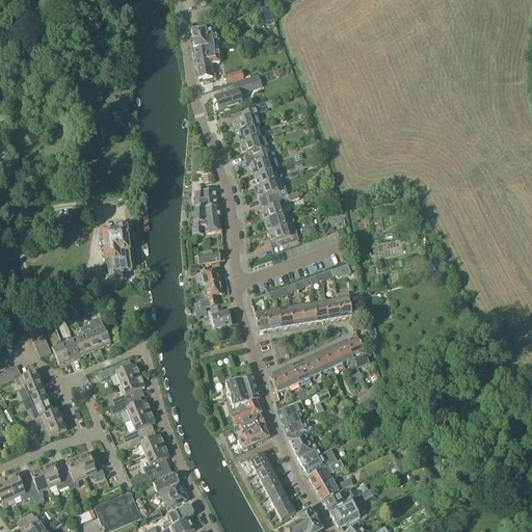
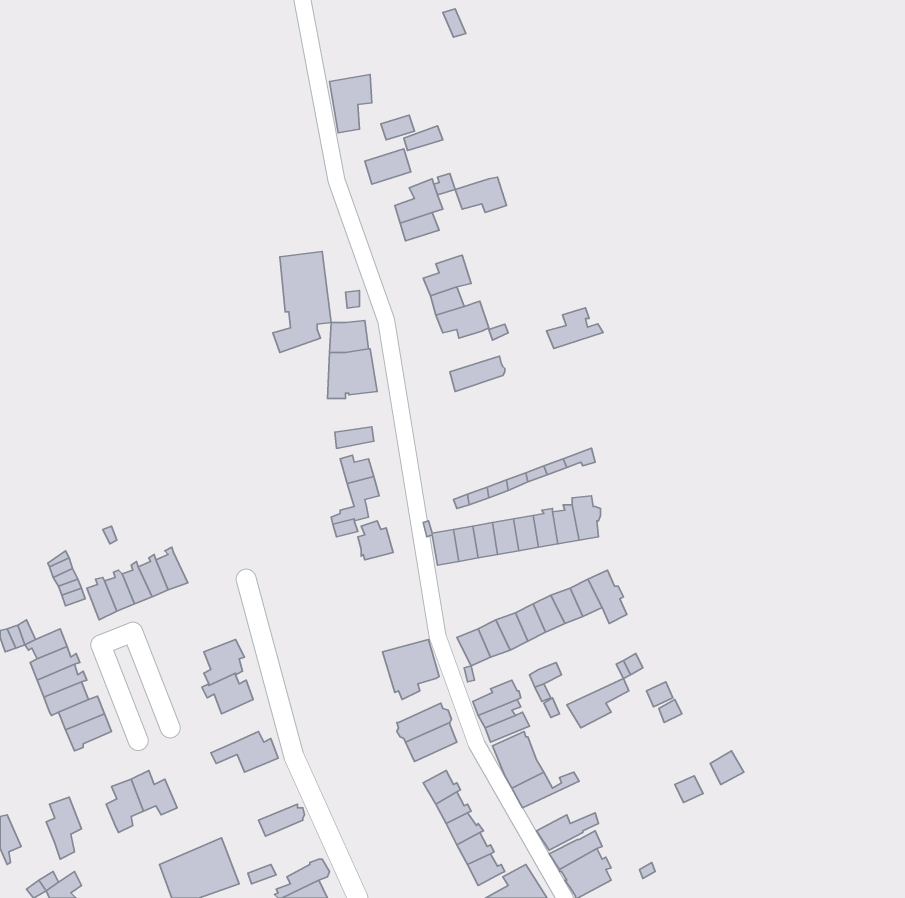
building: [191,26,217,48] -> none
building: [238,134,268,155] -> [455,177,507,213]
building: [260,194,293,218] -> [547,308,603,349]
building: [267,220,300,242] -> none
building: [97,227,131,286] -> [273,252,331,352]
building: [99,358,138,382] -> none
building: [230,398,261,424] -> none
building: [130,410,154,437] -> none
building: [143,445,170,478] -> none
building: [307,458,343,487] -> [567,678,629,728]
building: [41,462,68,488] -> none
building: [4,473,32,499] -> none
building: [159,481,186,507] -> none

